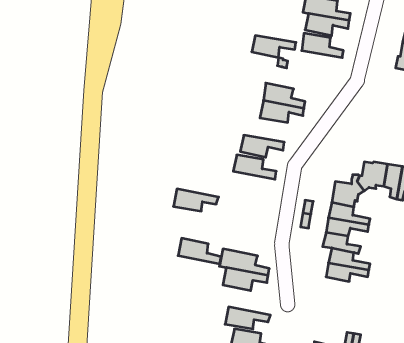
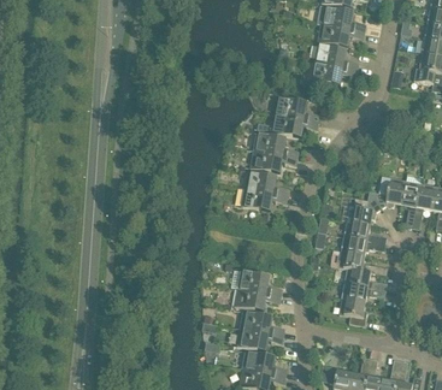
building: [252,36,296,58] -> [312,61,358,84]
building: none -> [255,131,299,156]
building: [173,189,219,211] -> [241,187,288,209]
building: [178,238,221,264] -> [240,309,284,336]
building: none -> [338,296,367,325]

